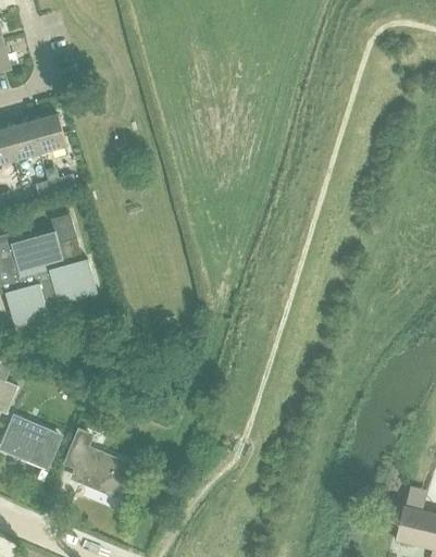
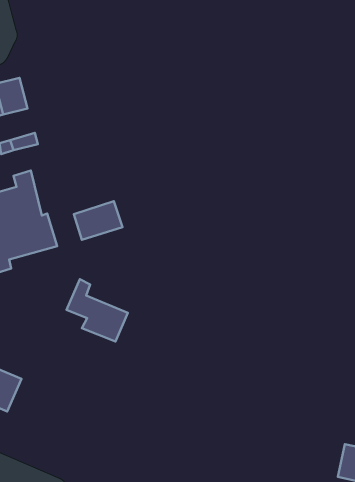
building: none -> [74,201,123,240]
building: [65,430,130,496] -> [67,279,128,342]

